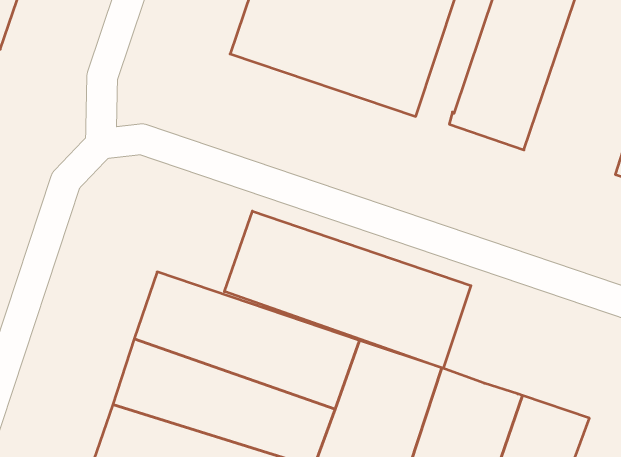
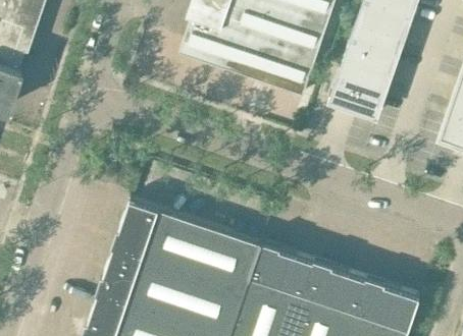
building: [224,211,471,368] -> none

